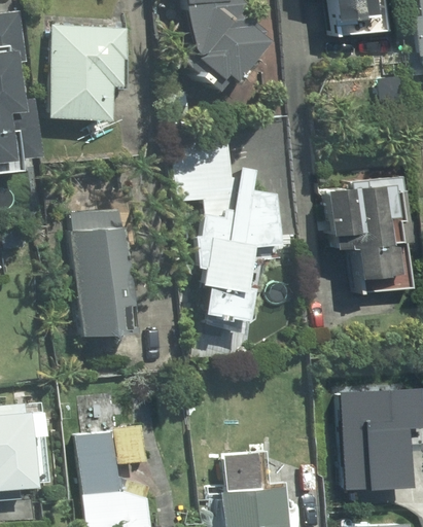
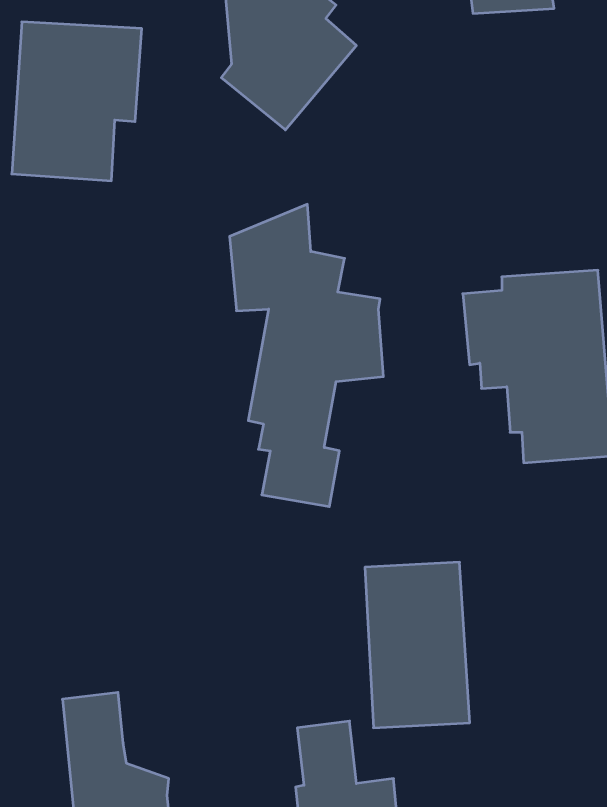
building: [75,211,133,336] -> none
building: [342,389,406,490] -> [365,562,470,728]

